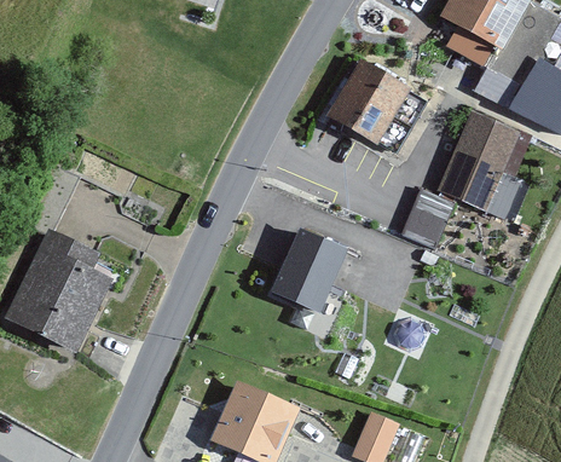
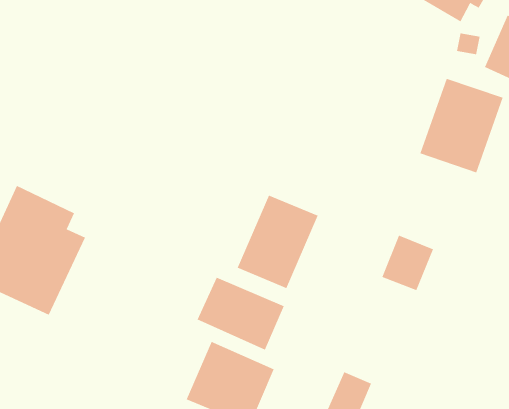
building: [326,58,415,149] -> none
building: [399,190,451,246] -> [382,235,434,291]
building: none -> [197,277,284,351]

